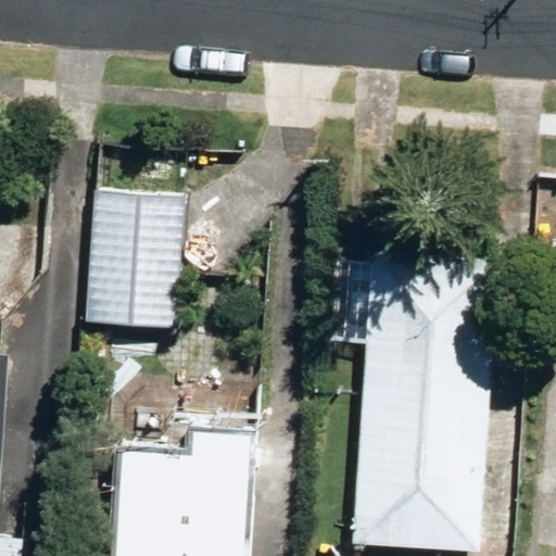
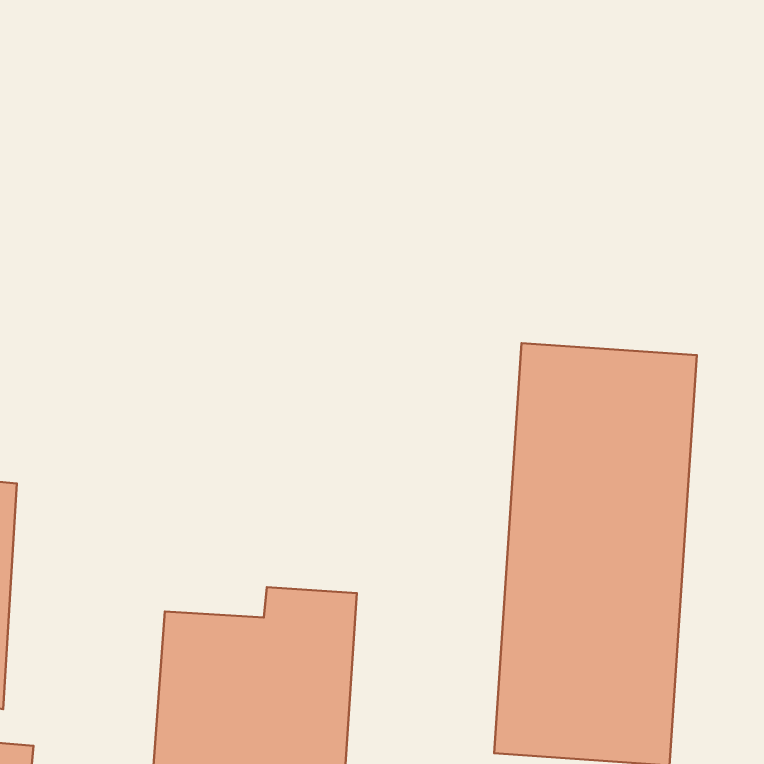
building: [85,155,185,336] -> none

